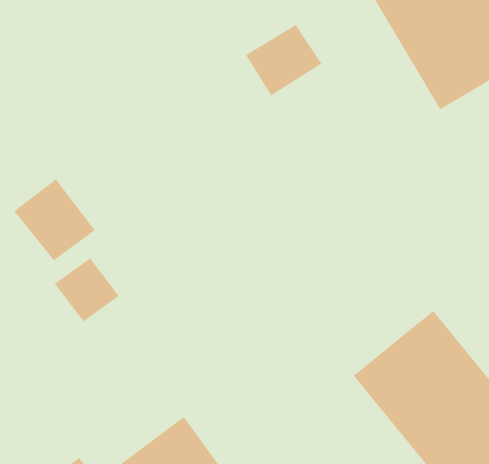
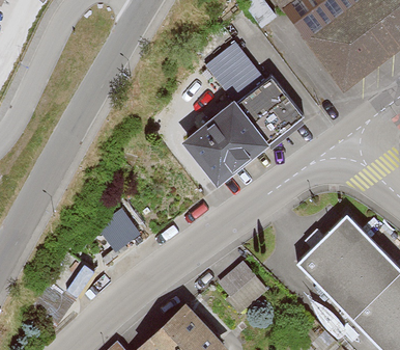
building: none -> [189,78,307,182]
building: [14,178,95,261] -> none
building: none -> [216,260,265,311]

